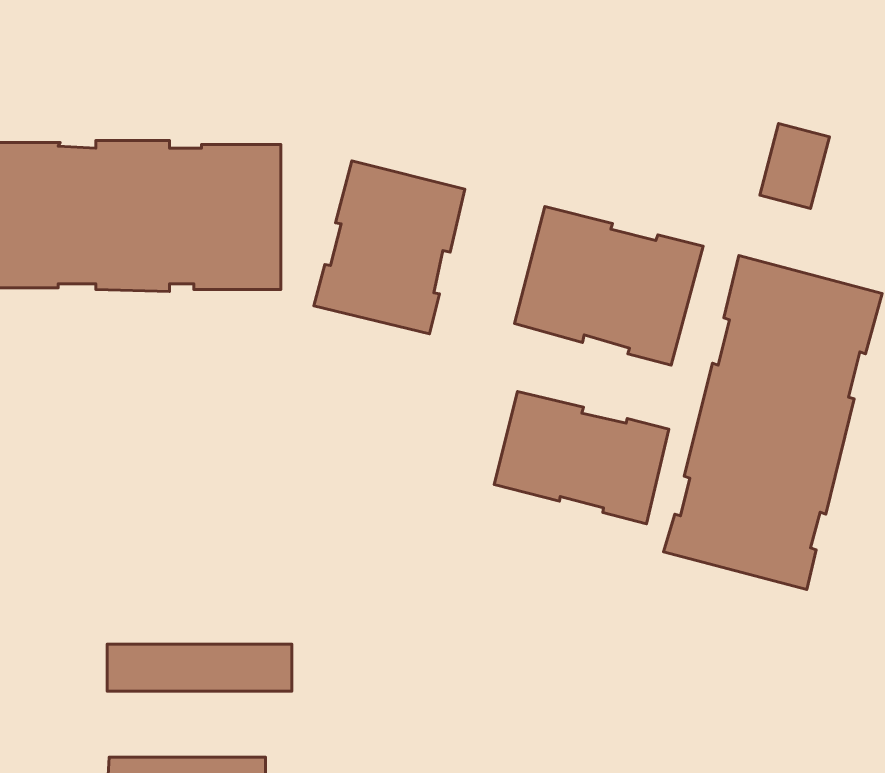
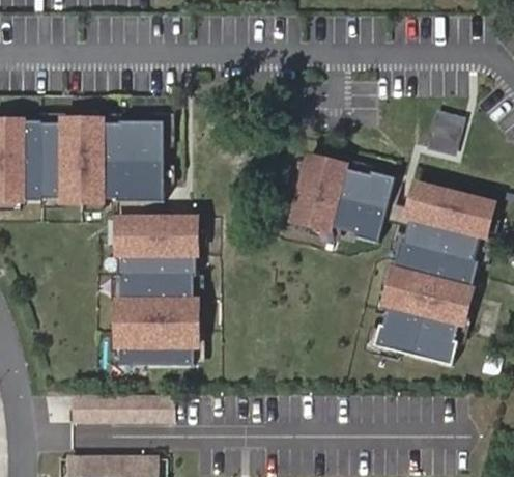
building: [314,161,465,334] -> none
building: none -> [115,217,196,364]
building: [494,392,669,524] -> none

